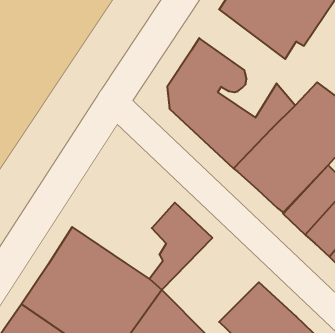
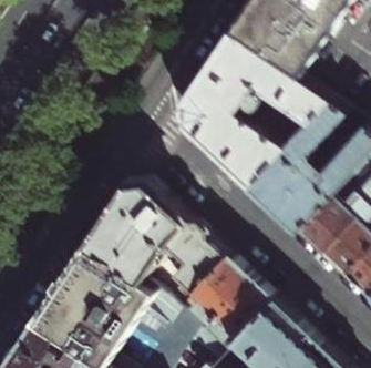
building: none -> [216,32,334,129]
building: none -> [89,188,192,287]
building: none -> [193,262,276,344]

